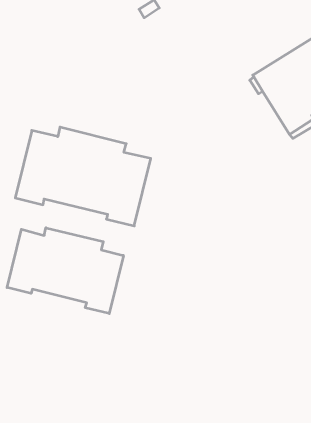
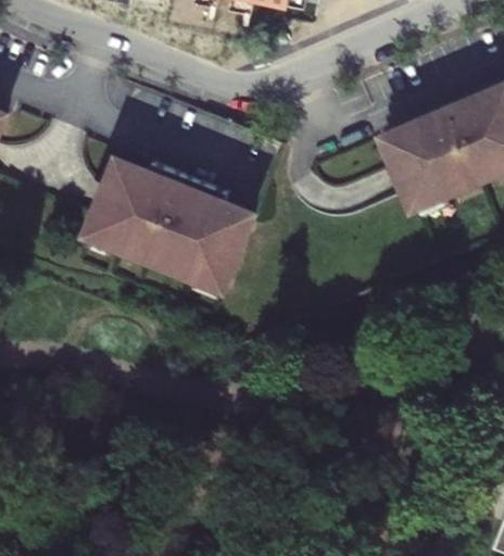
building: [7,228,123,314] -> none

